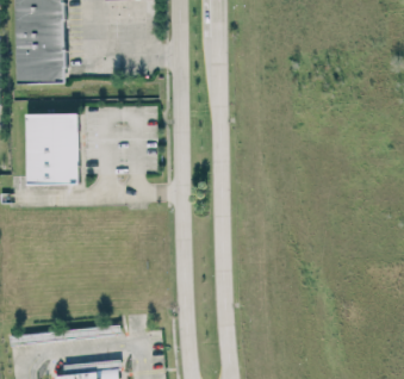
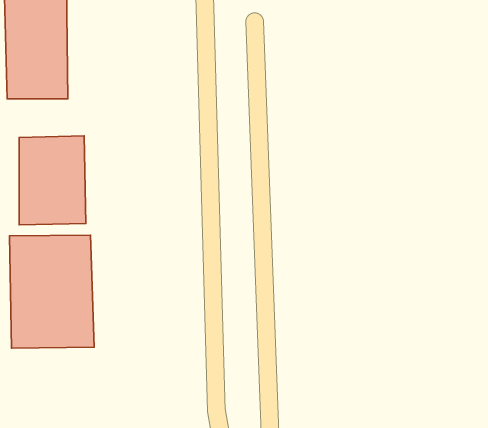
building: none -> [10,235,94,348]

